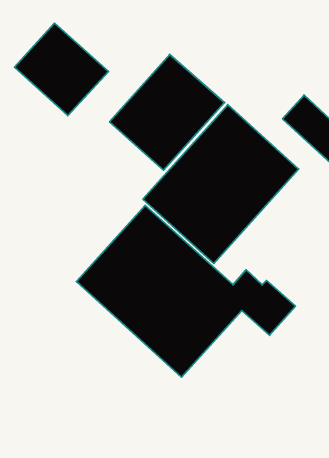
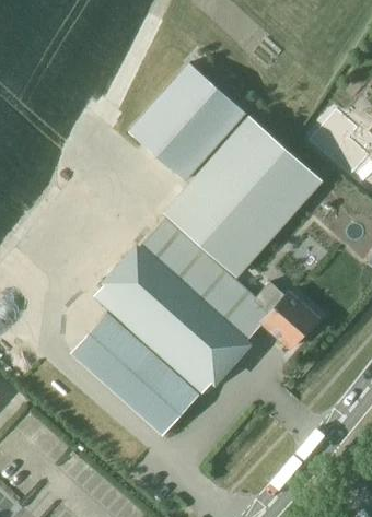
building: [15,23,108,116] -> none
building: none -> [70,310,200,435]

